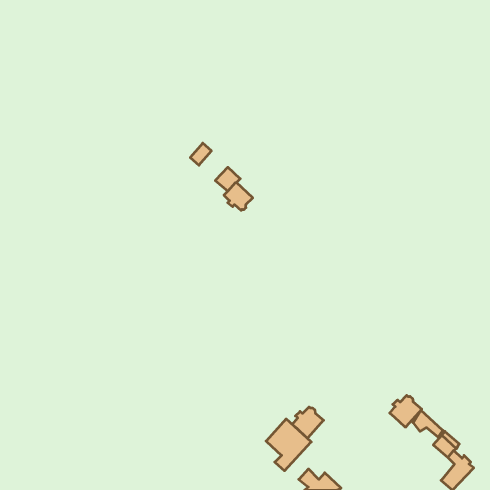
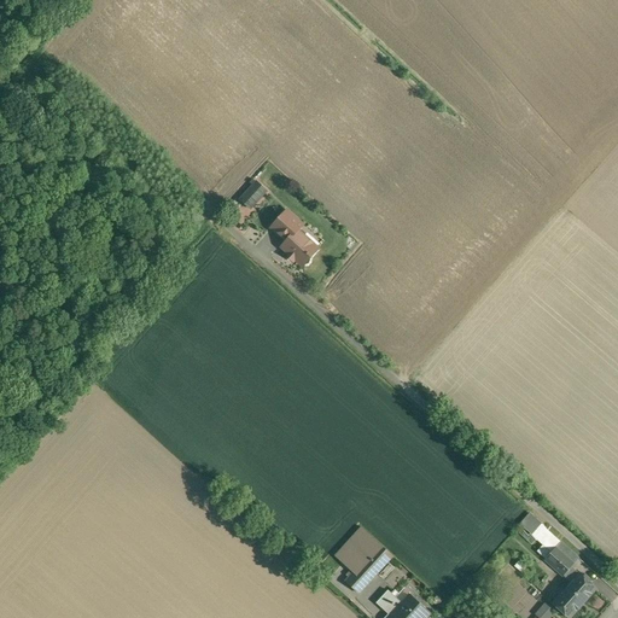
building: [390,395,422,427] -> none
building: [292,407,324,438] -> none

